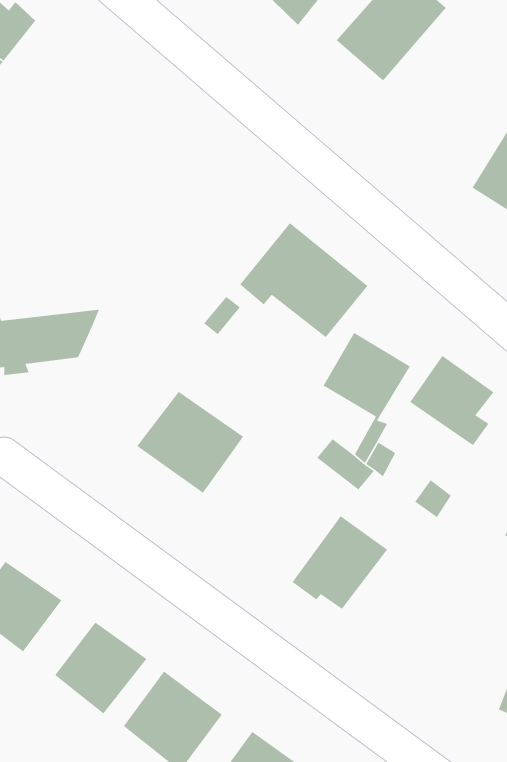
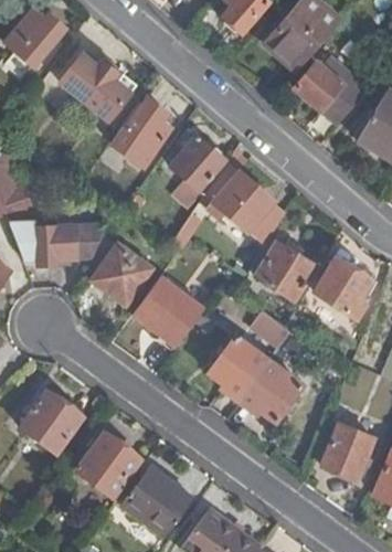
building: none -> [64,53,135,119]
building: none -> [294,56,369,126]
building: none -> [108,97,173,168]
building: none -> [172,135,227,191]
building: none -> [88,234,151,305]
building: none -> [204,338,269,407]
building: none -> [322,423,375,480]

